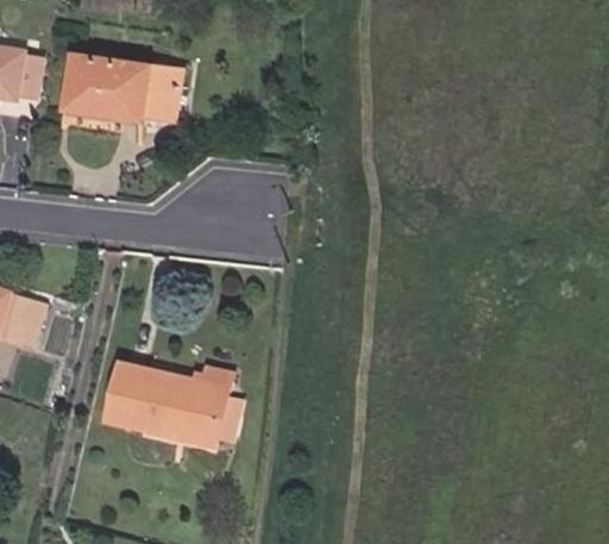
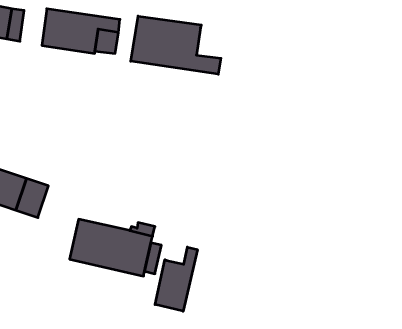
building: none -> [131,16,221,74]
building: none -> [155,247,197,311]

